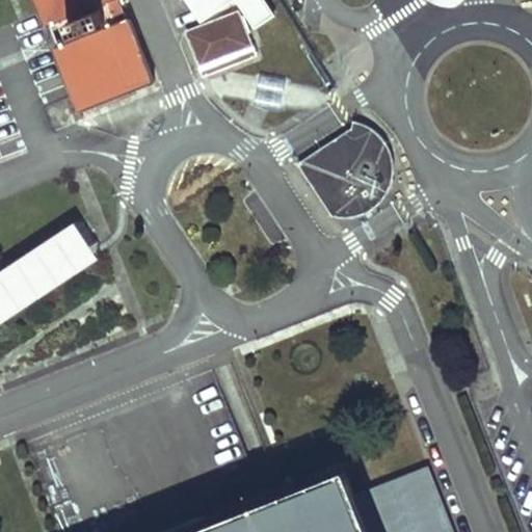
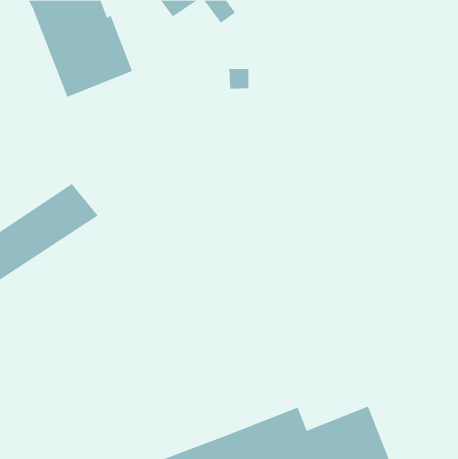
building: [188,15,246,61] -> none
building: [296,122,391,218] -> none

